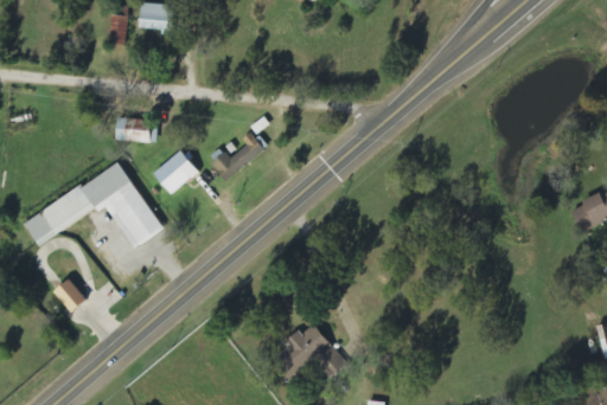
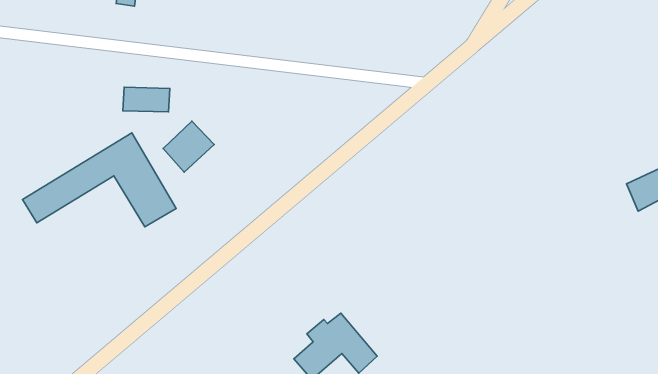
building: [210,131,264,180] -> none
building: [52,278,85,311] -> none

